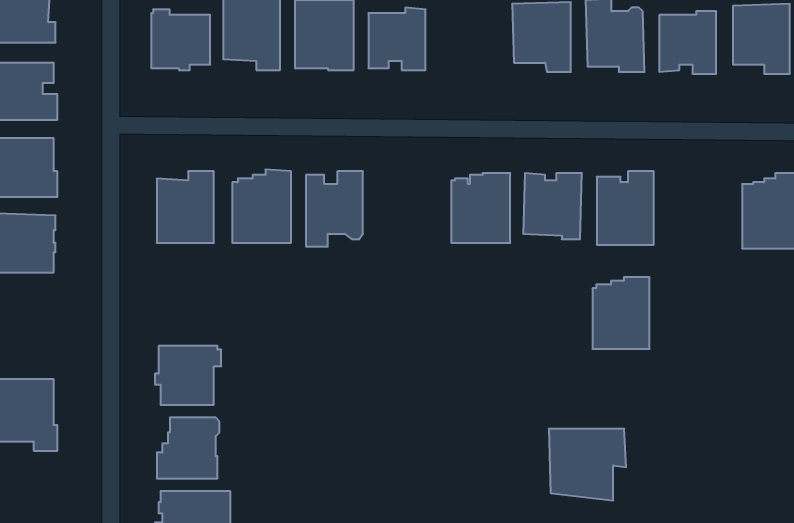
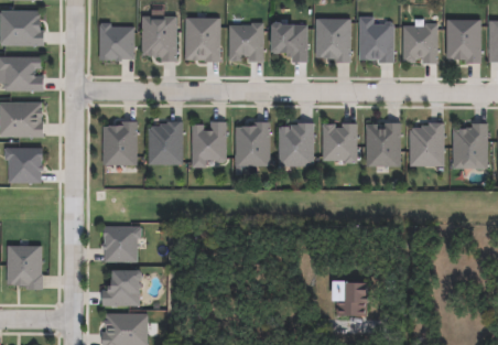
building: none -> [270,25,306,62]
building: none -> [236,121,270,164]
building: [592,277,650,349] -> [410,122,444,165]

